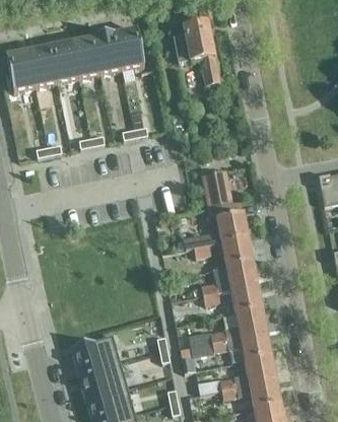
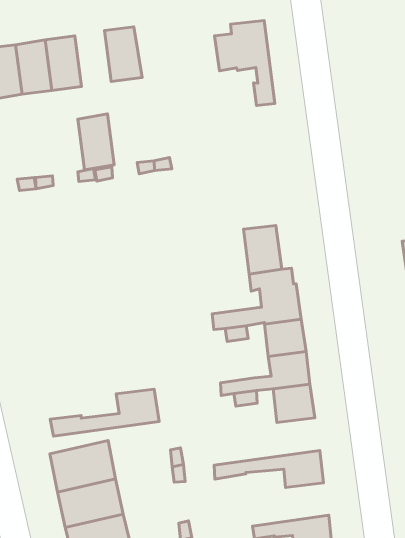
building: [114,29,144,70] -> none
building: [71,38,99,79] -> [78,114,114,170]
building: [188,309,267,348] -> [50,389,159,436]
building: [197,356,276,395] -> none

